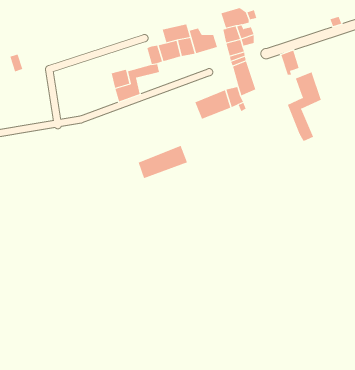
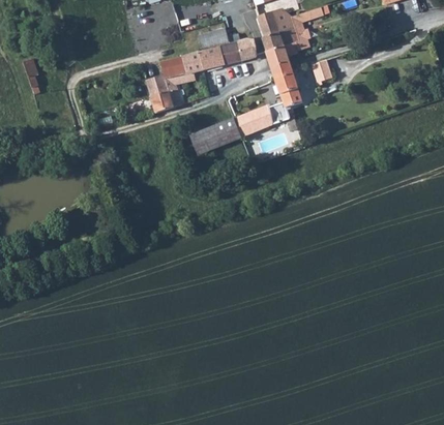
building: none -> [157,57,188,82]
building: [287,71,321,142] -> none
building: [138,145,188,179] -> [188,115,242,151]

